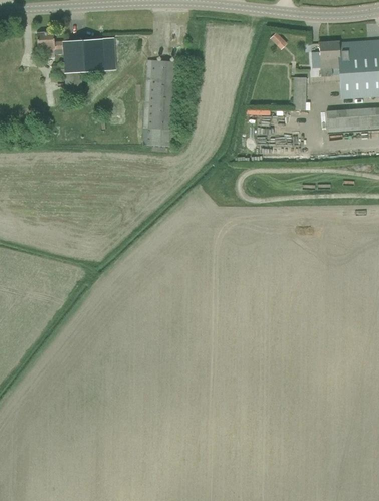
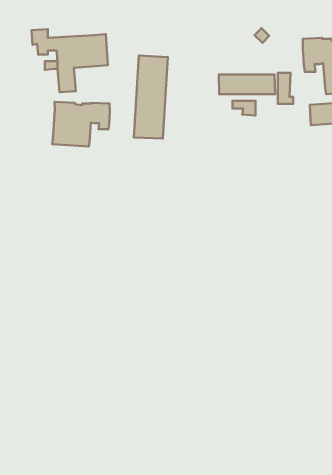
building: none -> [219,74,275,94]
building: none -> [52,102,110,147]

